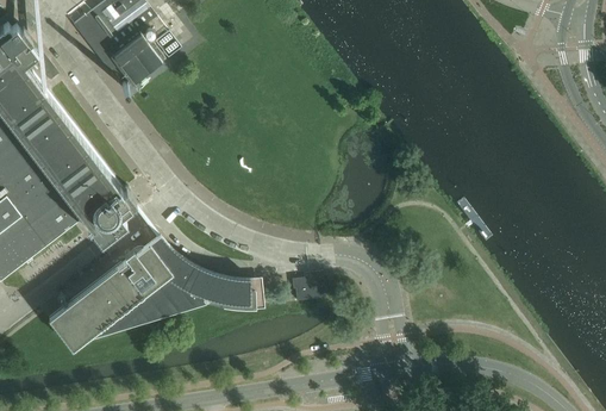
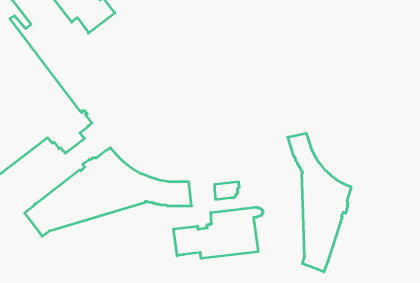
building: none -> [288,133,351,272]
building: none -> [174,207,263,258]

